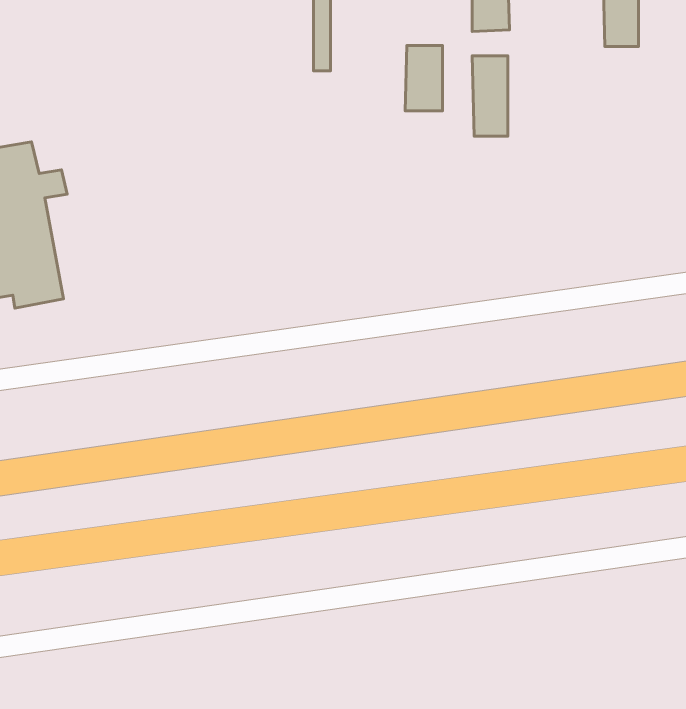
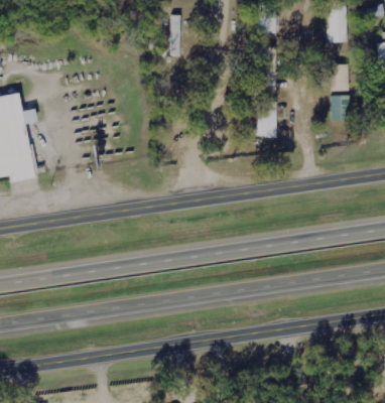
building: [405,46,442,111] -> [257,101,277,136]
building: none -> [331,63,349,90]
building: none -> [331,95,350,120]

